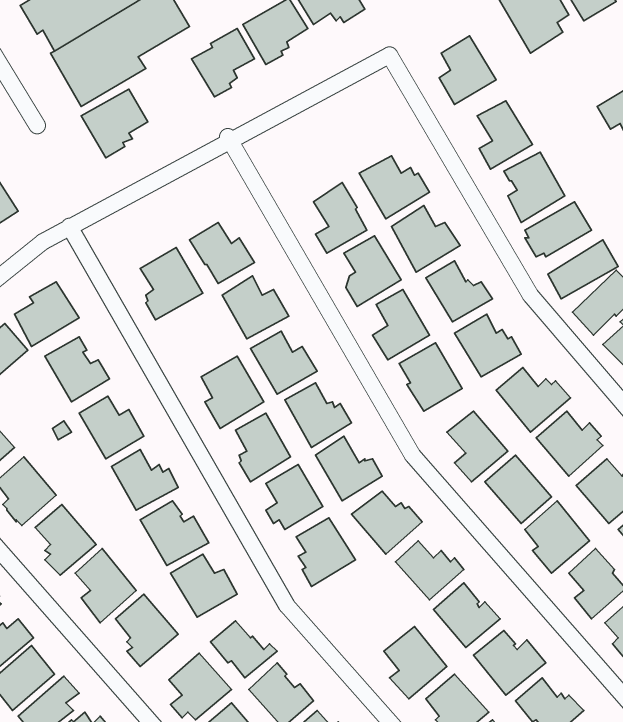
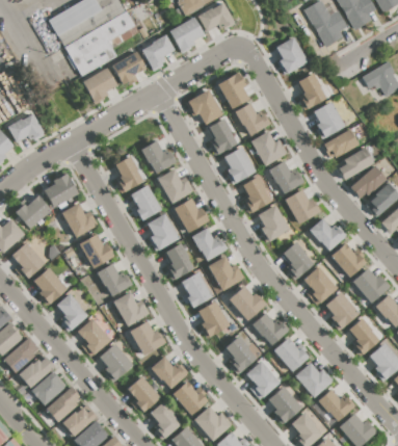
building: none -> [110,50,147,84]
building: none -> [215,71,249,110]
building: none -> [187,88,223,126]
building: none -> [131,184,163,220]
building: none -> [224,336,257,373]

